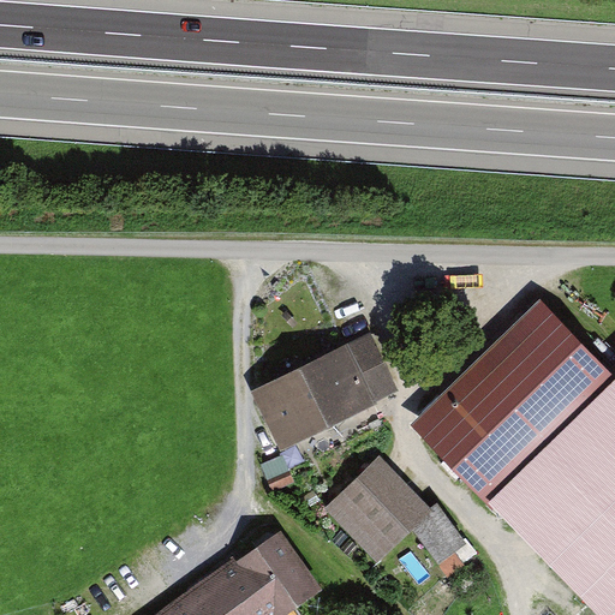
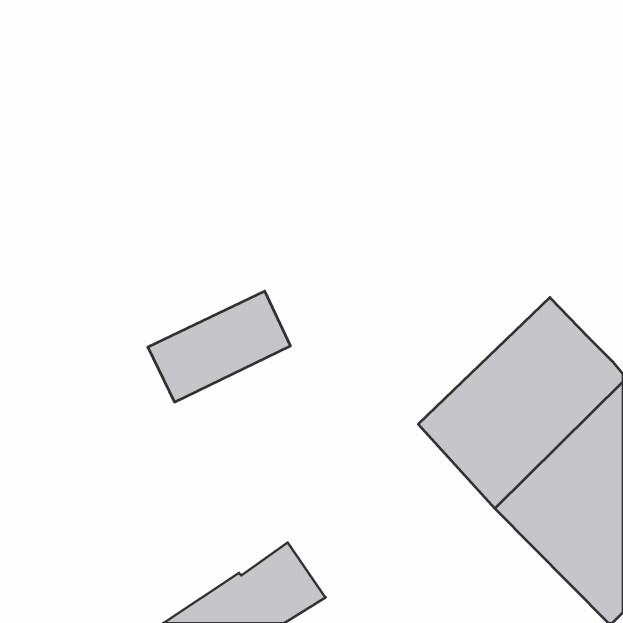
building: [257,341,398,450] -> [148,291,290,402]
building: [330,461,466,566] -> none

